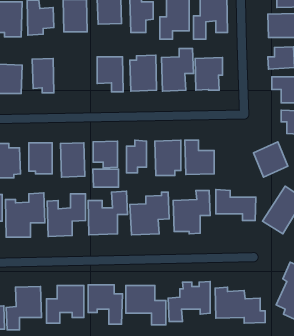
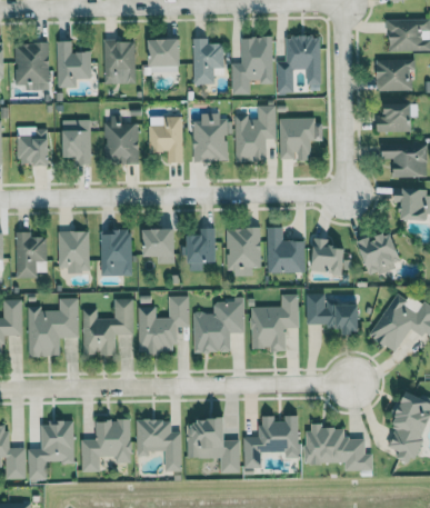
building: none -> [103,119,139,165]
building: none -> [312,239,344,273]
building: [93,169,119,187] -> none

